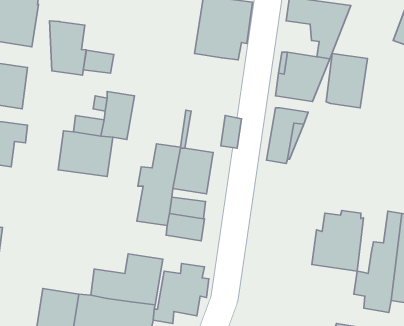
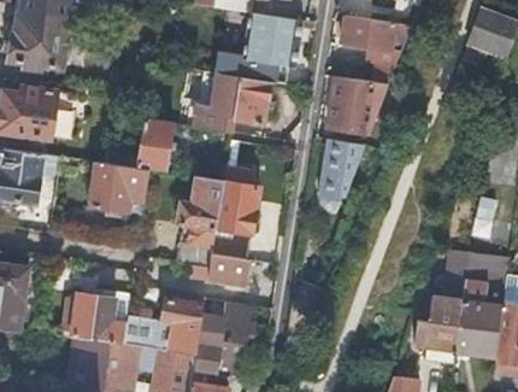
building: [49,21,86,75] -> none
building: none -> [195,72,270,131]
building: [326,53,368,108] -> none
building: [312,210,363,271] -> none
building: none -> [61,293,133,344]

